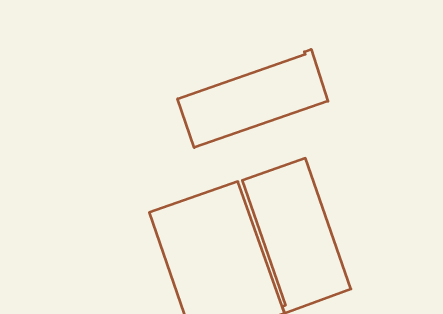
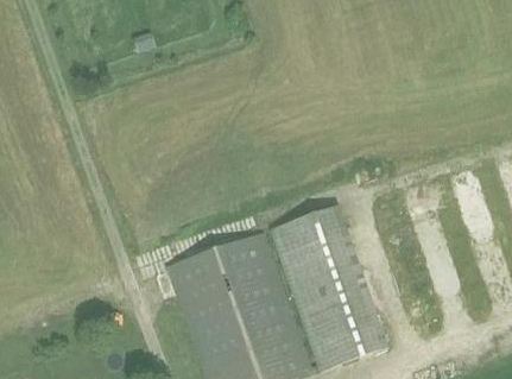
building: [178,49,328,148] -> none

